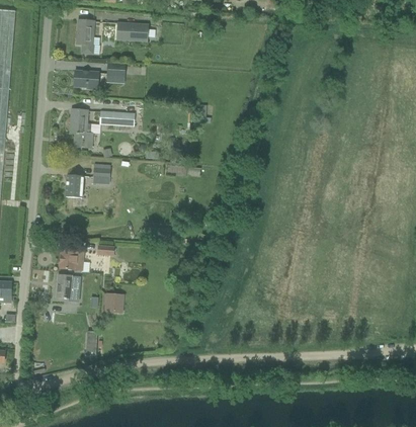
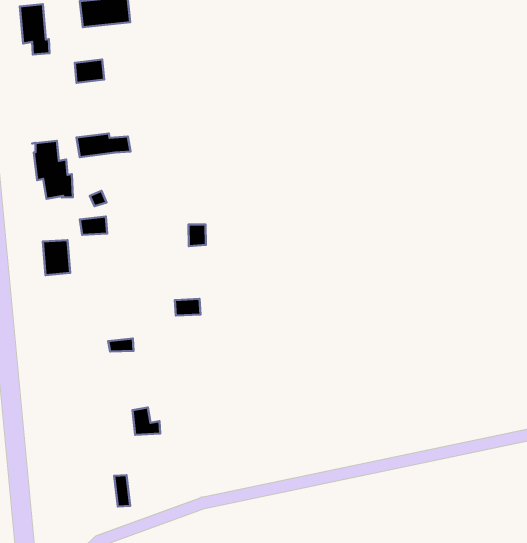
building: [72,70,98,89] -> none
building: [60,249,83,270] -> none
building: [56,274,78,301] -> none

